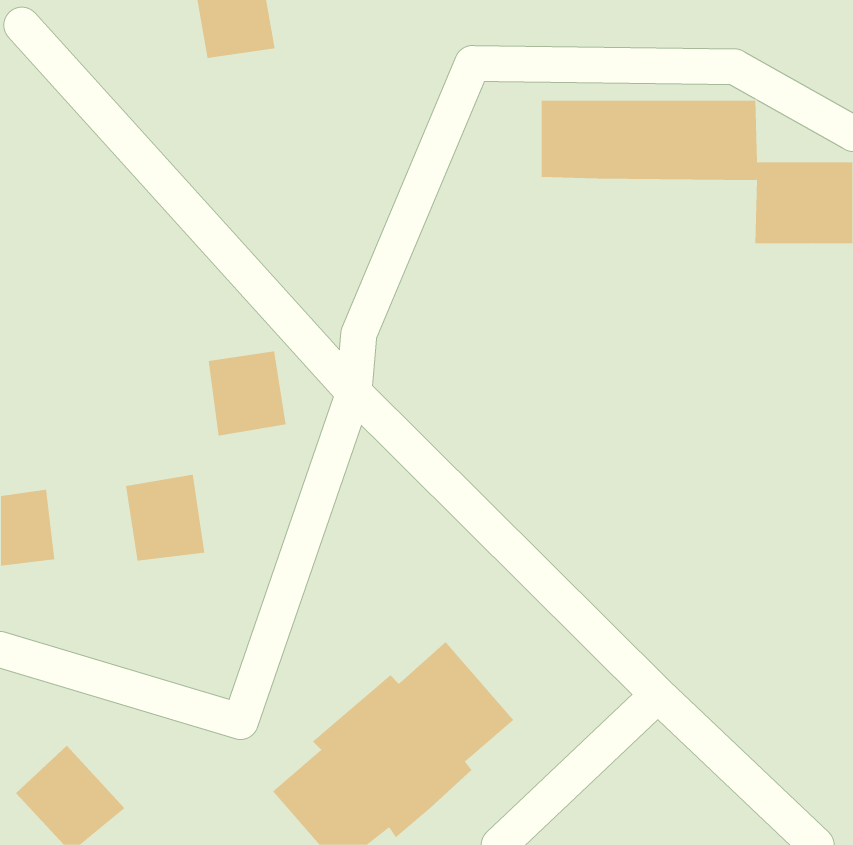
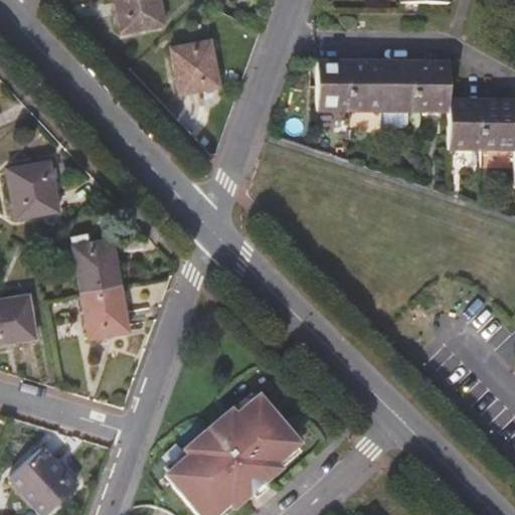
building: none -> [176,46,221,99]
building: none -> [7,162,56,218]
building: [208,351,286,436] -> [69,241,117,293]

